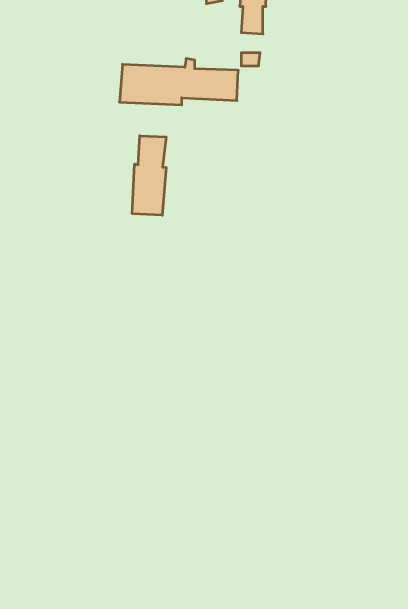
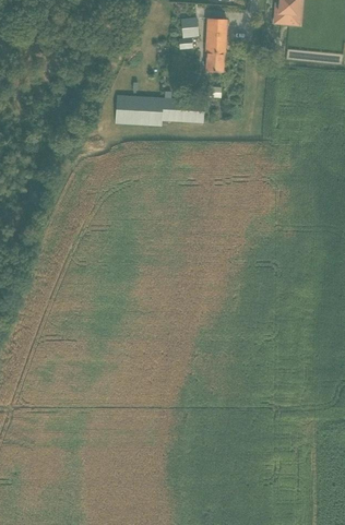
building: [132,136,166,215] -> none

